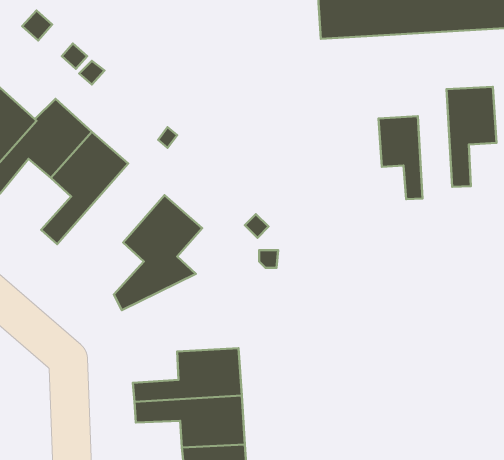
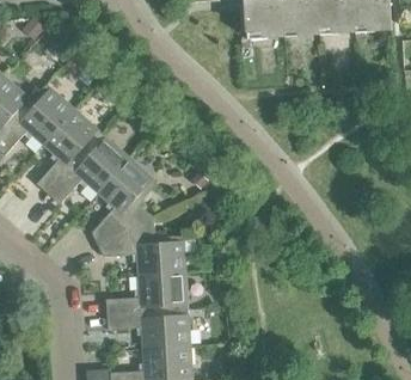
building: [447,87,497,187] -> none
building: [379,116,423,199] -> none
building: none -> [48,133,129,203]
building: none -> [97,216,185,275]

